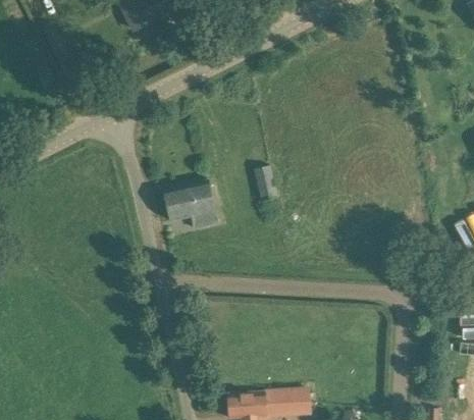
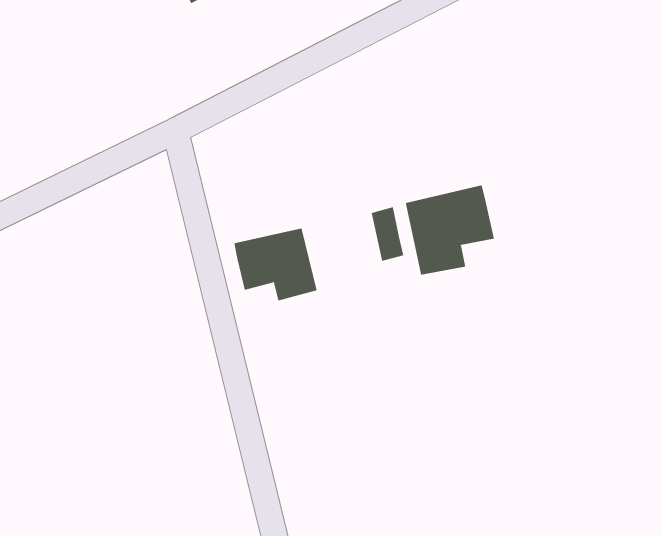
building: none -> [405,185,494,275]

